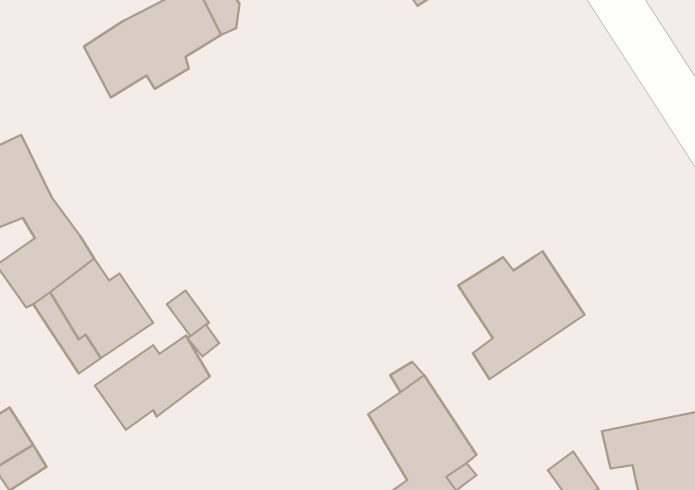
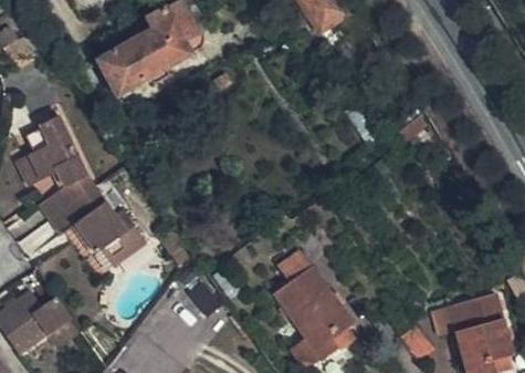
building: [458,251,585,379] -> none
building: [95,336,210,430] -> none

